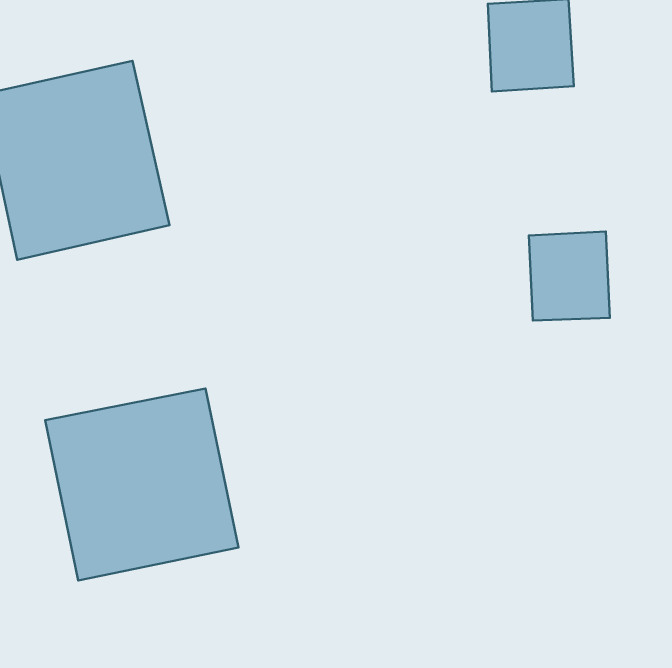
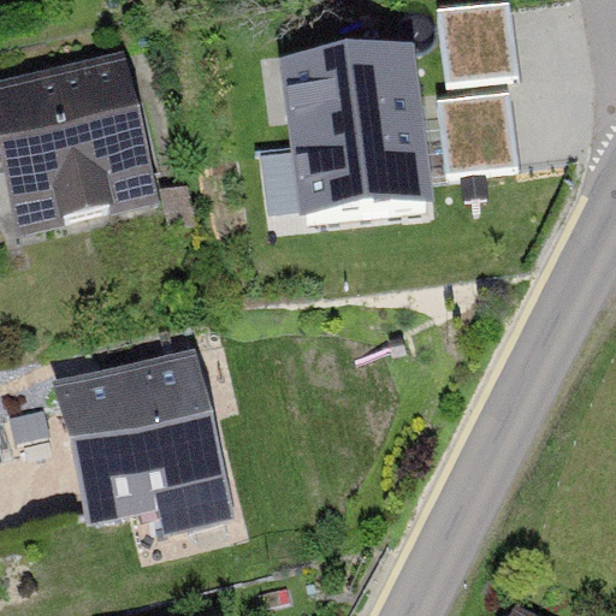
building: none -> [263,38,438,215]
building: [529,232,610,320] -> [448,85,521,166]

